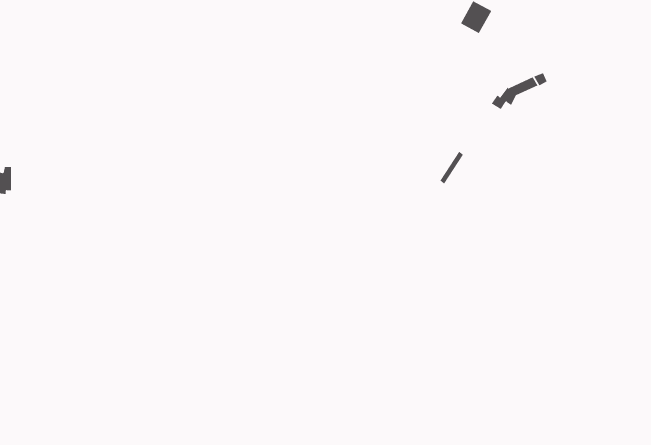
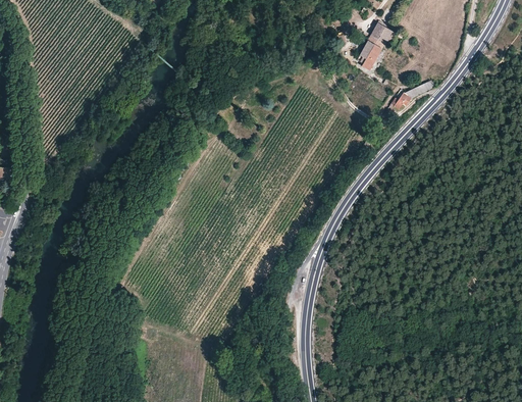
building: none -> [356,41,381,69]

